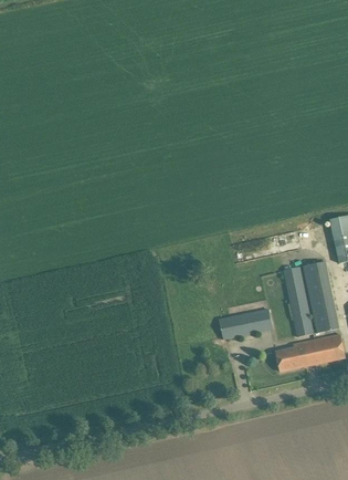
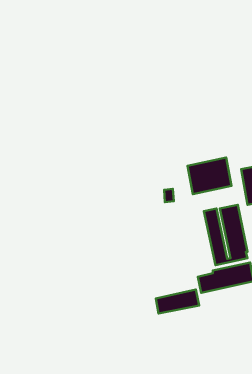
building: none -> [188,158,231,194]
building: [218,309,272,338] -> [156,290,199,314]

